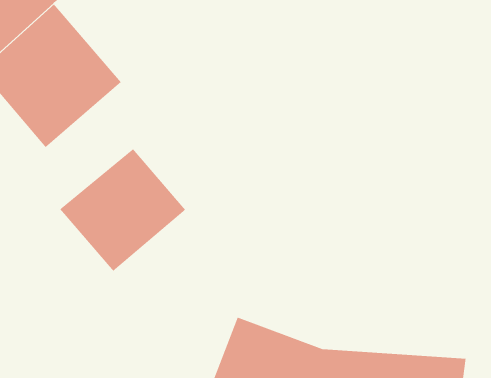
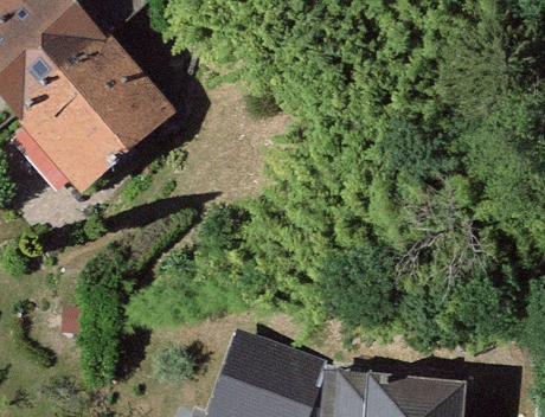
building: [59,148,186,272] -> none

